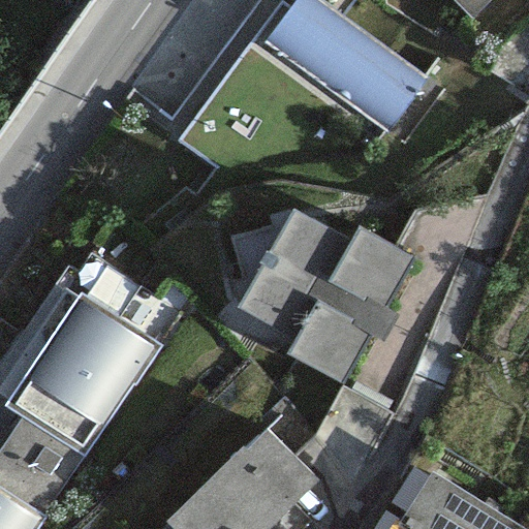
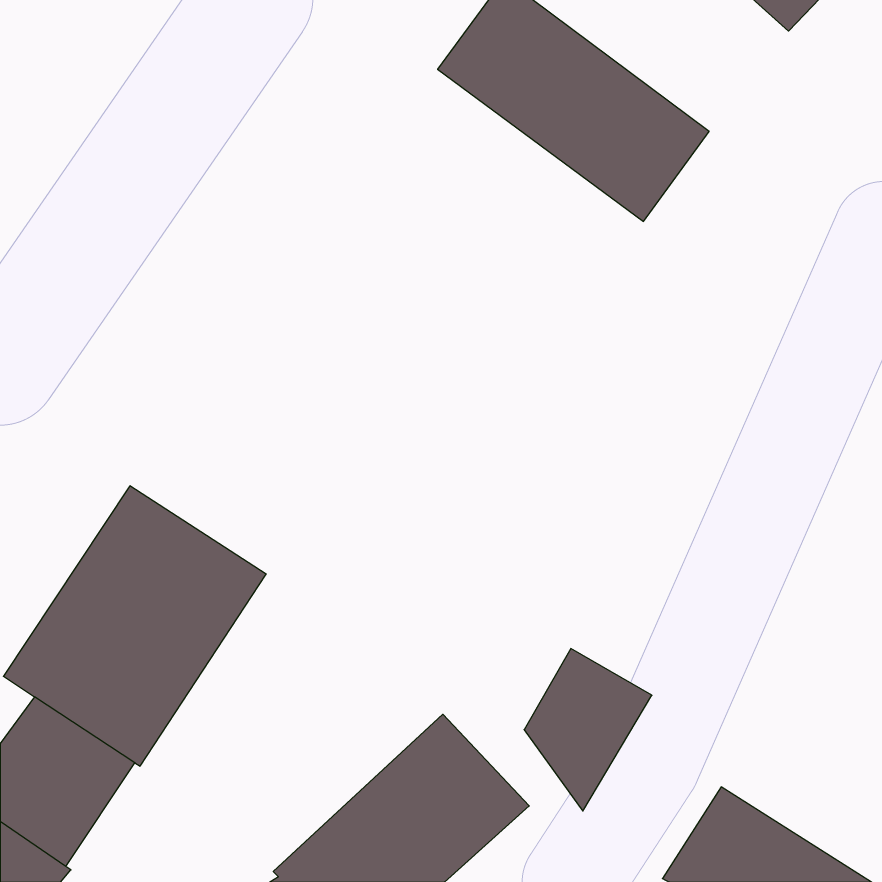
building: [241,210,410,385] -> none

